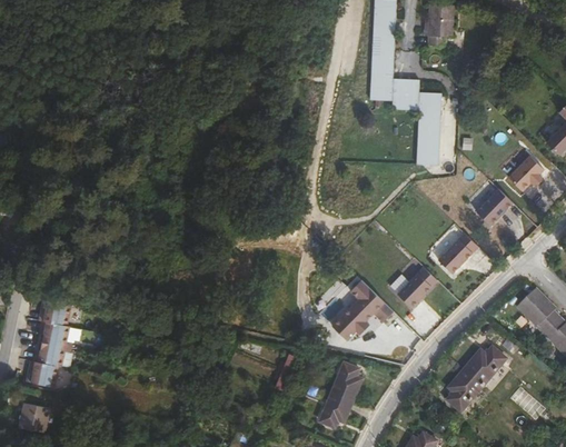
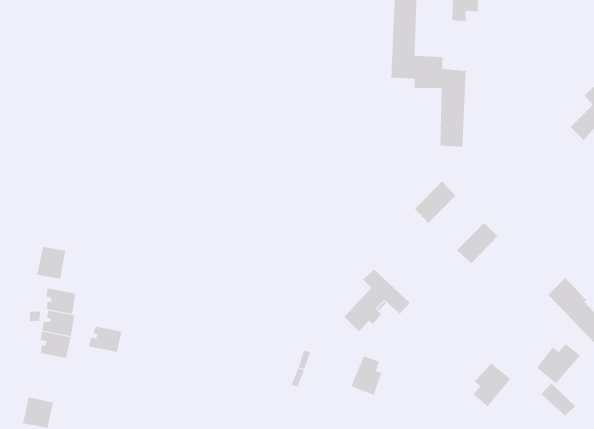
building: [506,159,540,195] -> none
building: [470,190,507,227] -> none
building: none -> [36,246,66,280]
building: [393,268,433,309] -> [414,181,456,224]
building: [466,345,508,384] -> [536,343,581,384]
building: [28,358,60,384] -> [88,326,122,352]
building: [320,390,355,426] -> none

